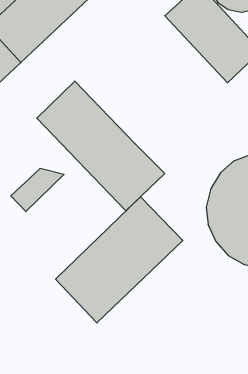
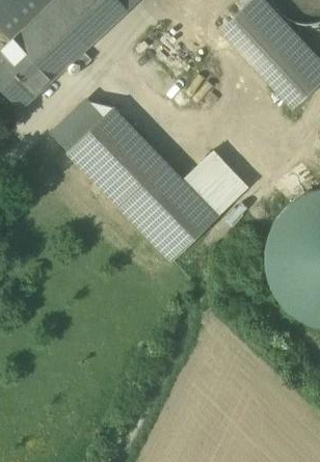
building: none -> [183,153,246,215]
building: [11,168,64,212] -> [50,99,112,150]
building: [56,197,183,323] -> none

